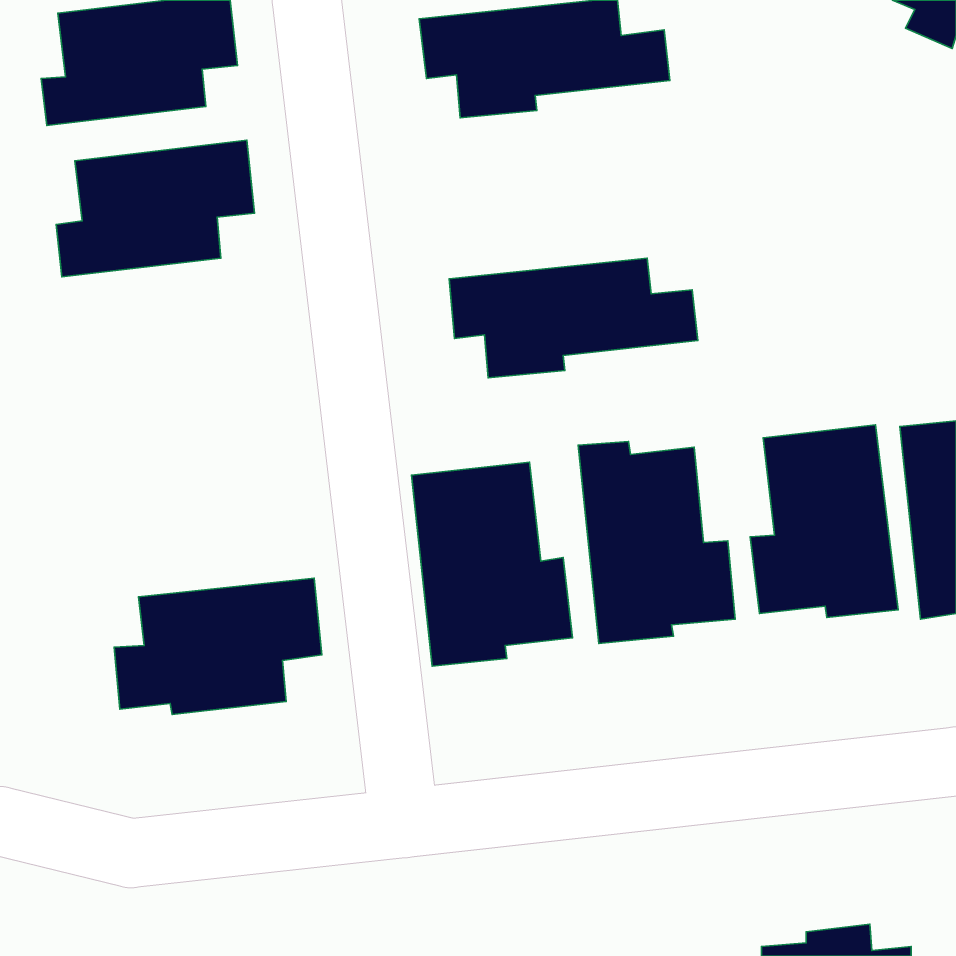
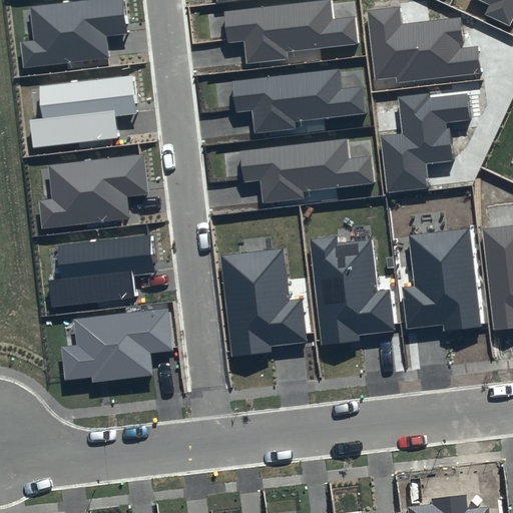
building: none -> [367,6,481,83]
building: none -> [232,69,366,134]
building: none -> [380,94,470,193]
building: none -> [38,154,148,229]
building: none -> [49,233,156,308]

